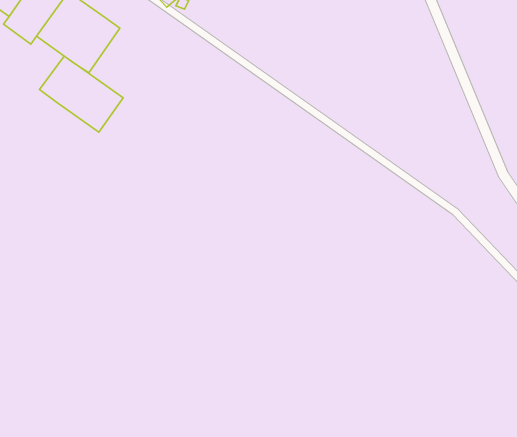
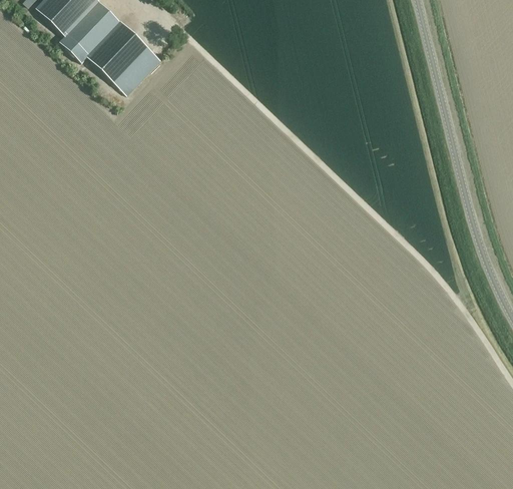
building: [40,56,123,132] -> none

